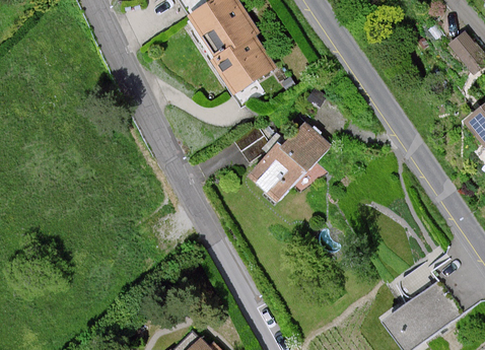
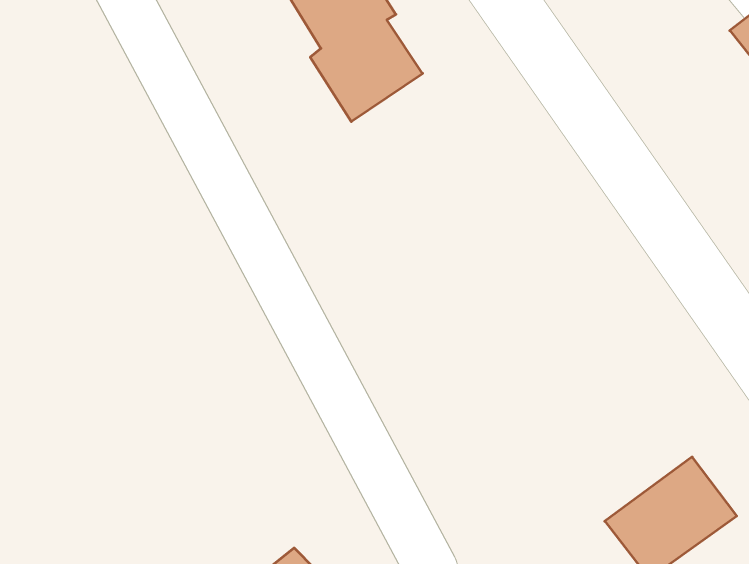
building: [250,118,331,202] -> none

